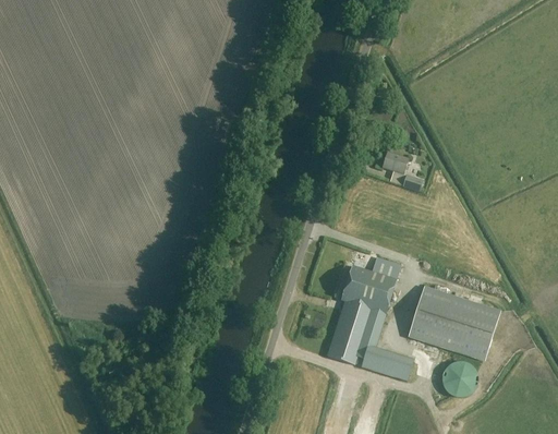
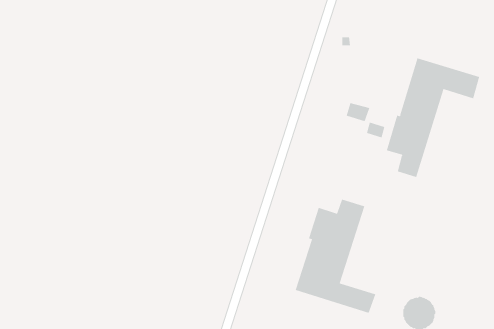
building: none -> [386,58,480,178]
building: [408,285,500,360] -> none

